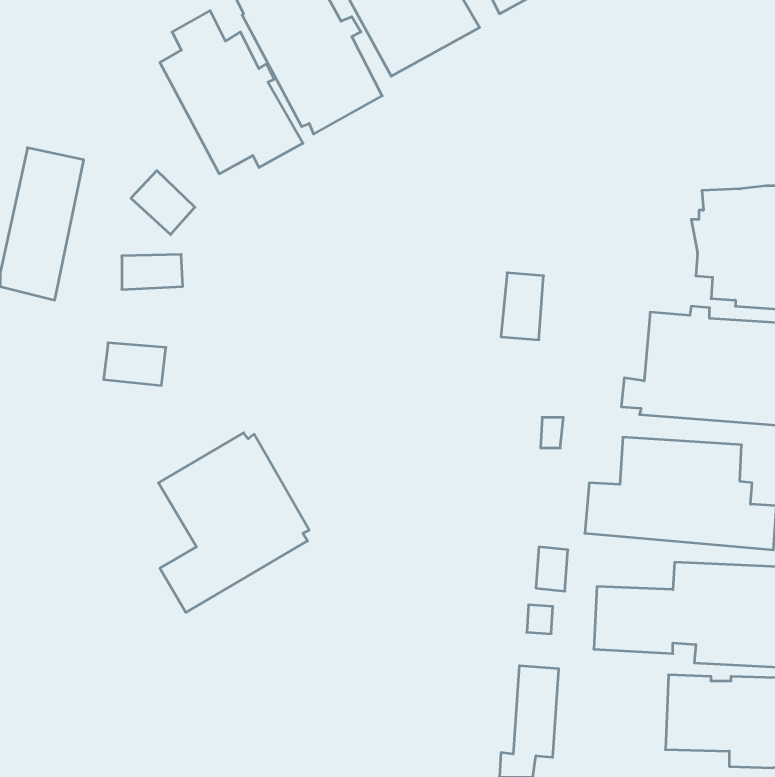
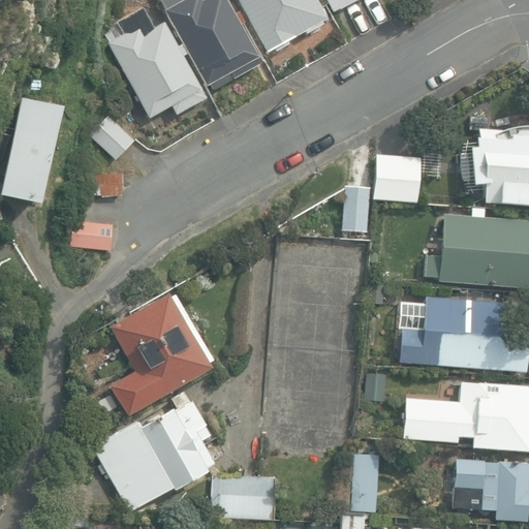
building: none -> [374,154,422,203]
building: none -> [93,401,212,511]
building: none -> [198,474,277,520]

